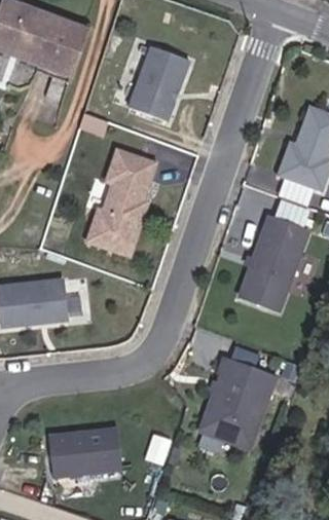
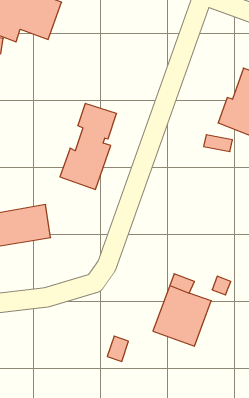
building: [132,46,191,121] -> none
building: [242,217,309,310] -> none
building: [50,428,123,476] -> none

